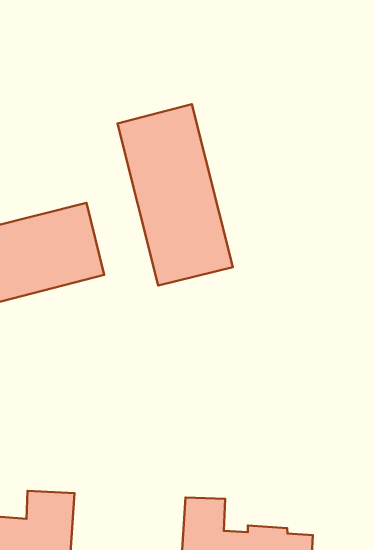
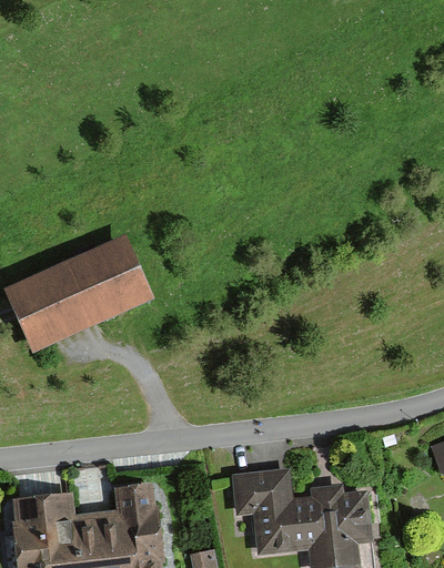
building: [118,104,233,286] -> none

